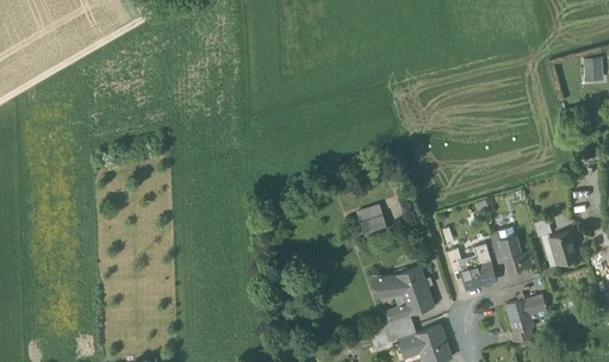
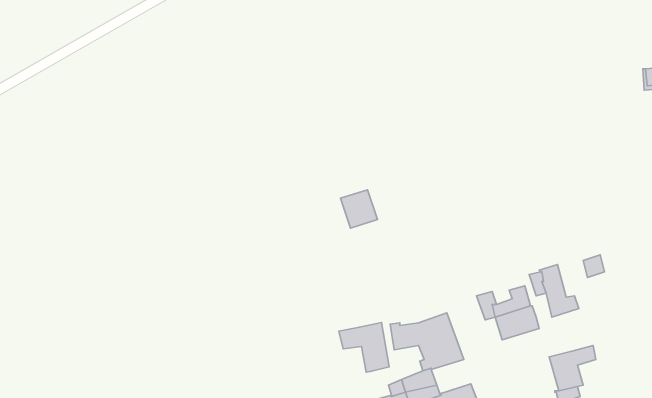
building: [356,206,387,238] -> [341,190,378,228]
building: [549,231,578,264] -> none
building: none -> [339,323,389,372]

